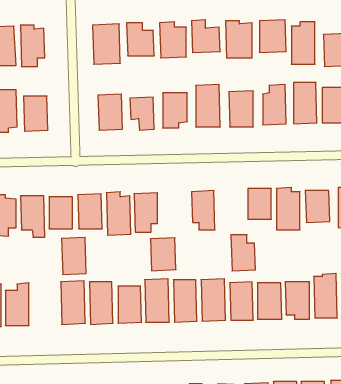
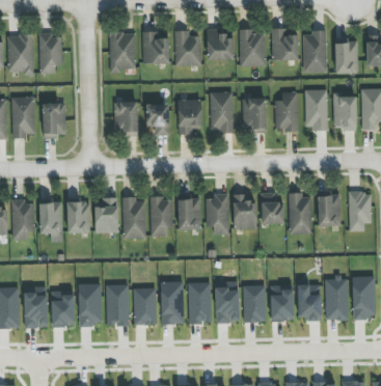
building: [231,235,255,271] -> [233,194,256,229]
building: [62,237,86,275] -> [51,291,75,327]
building: [150,238,176,271] -> [176,198,201,230]

